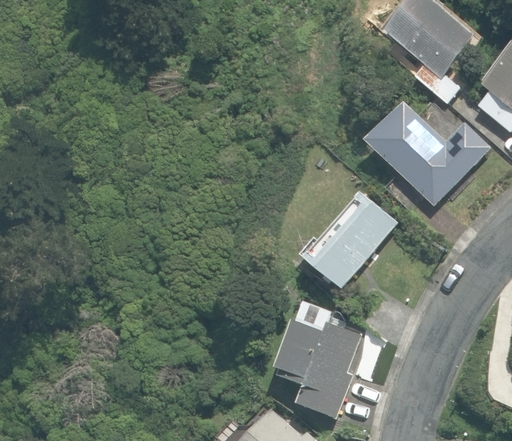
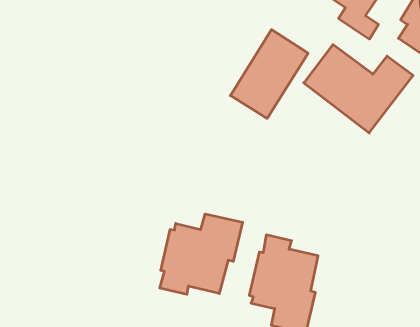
building: [304,190,395,287] -> [230,30,308,118]
building: none -> [160,214,243,294]

